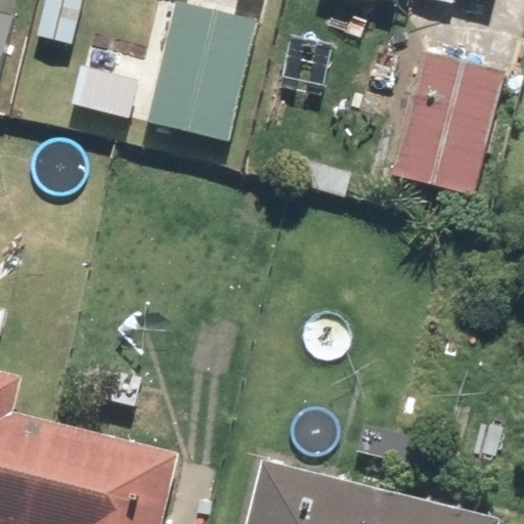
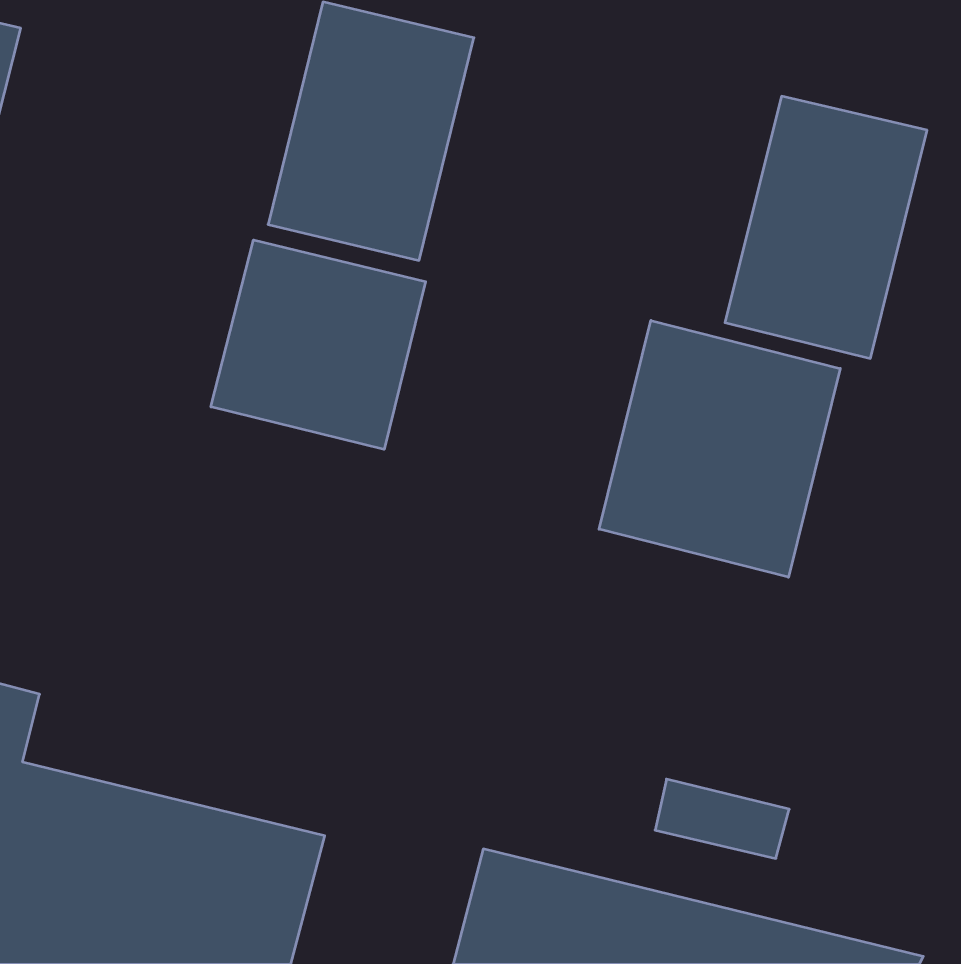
building: none -> [211,240,426,449]
building: none -> [599,320,840,577]

